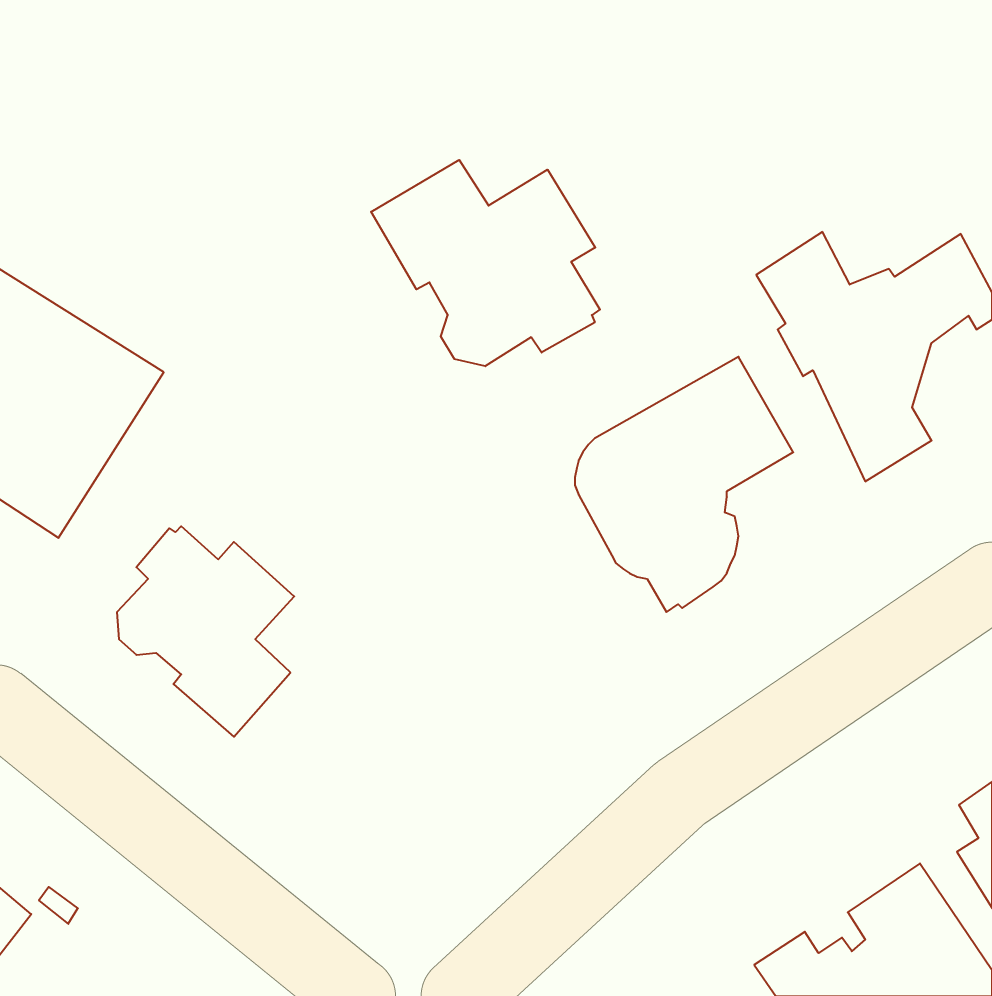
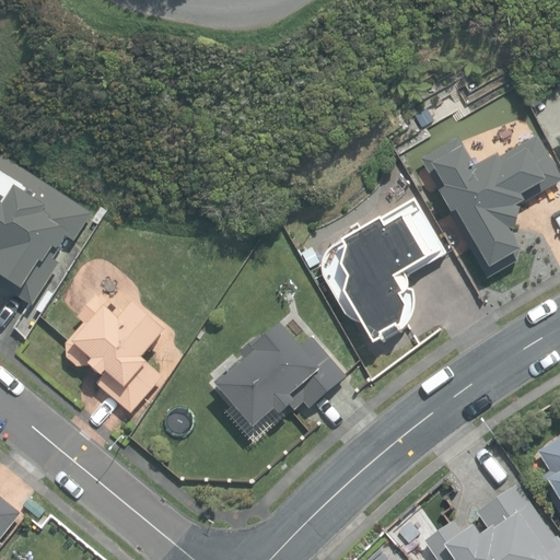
building: [371,160,600,366] -> none
building: none -> [213,324,346,429]

